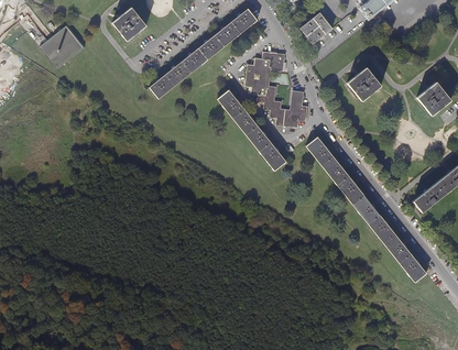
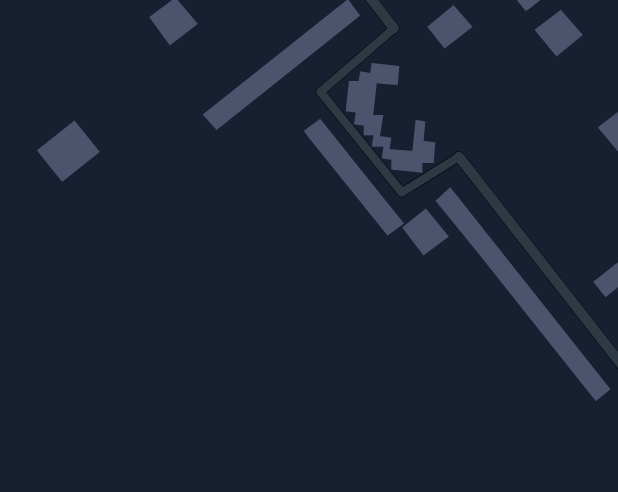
building: [40,25,84,68] -> [36,120,101,183]
building: [347,67,381,100] -> [533,9,584,58]
building: none -> [401,208,450,256]

